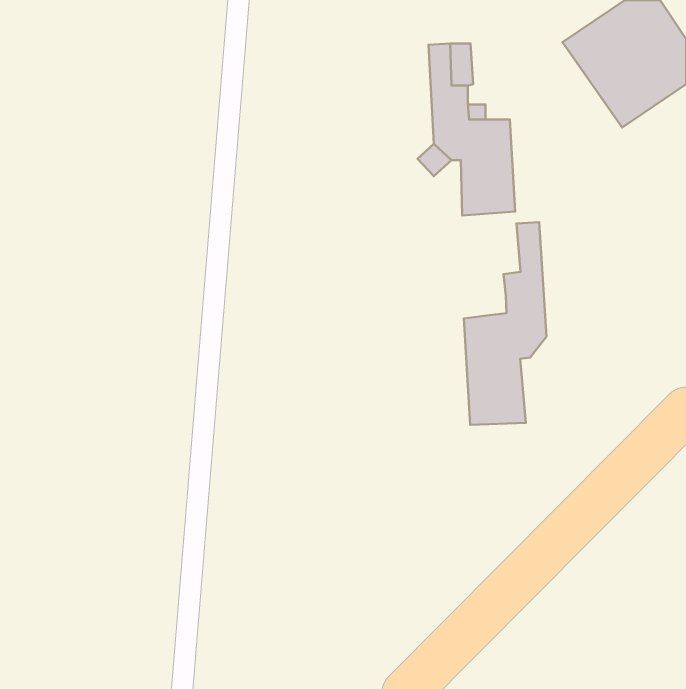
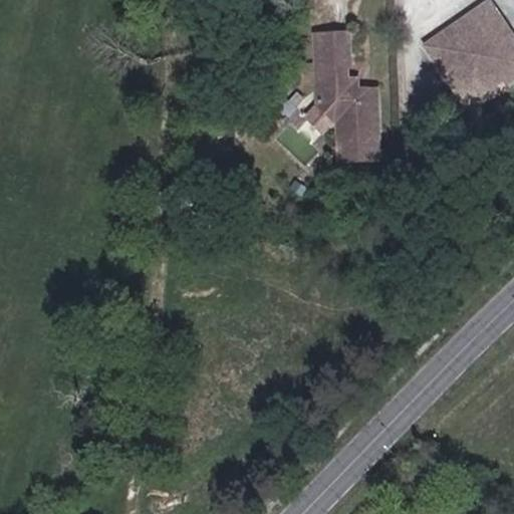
building: [464,222,546,425] -> none

